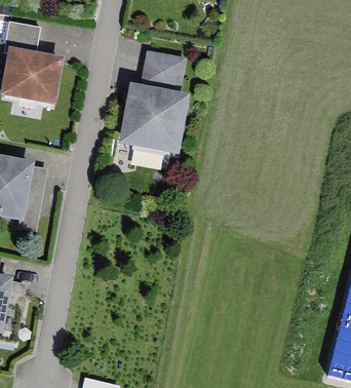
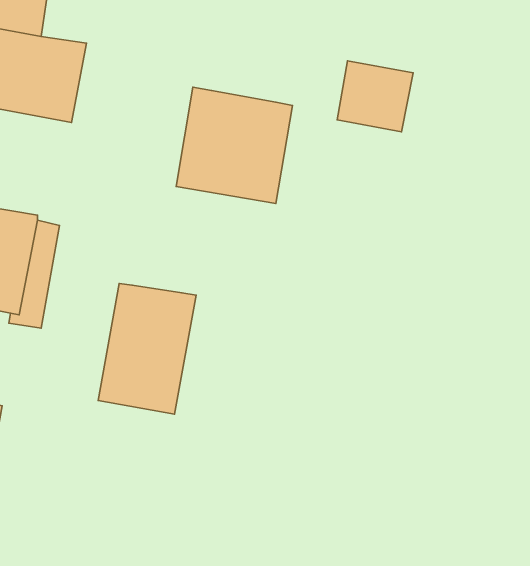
building: [140,48,186,91] -> [337,61,413,132]
building: none -> [98,283,196,414]

